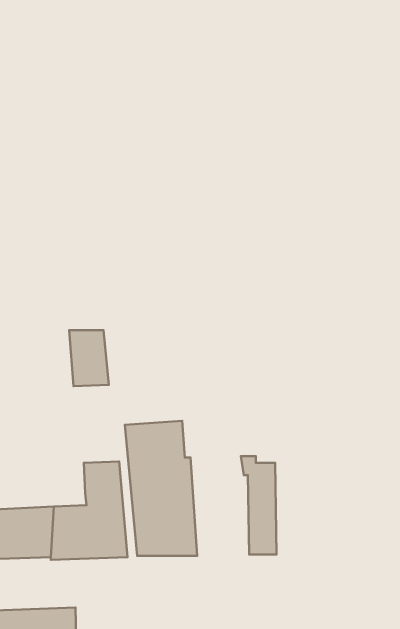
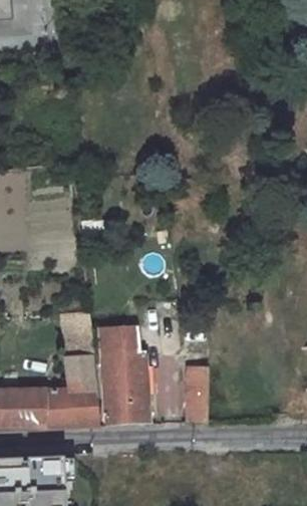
building: [69,330,109,386] -> [62,313,91,354]

